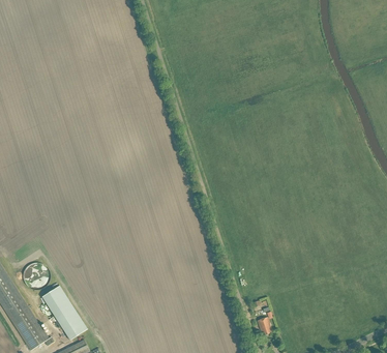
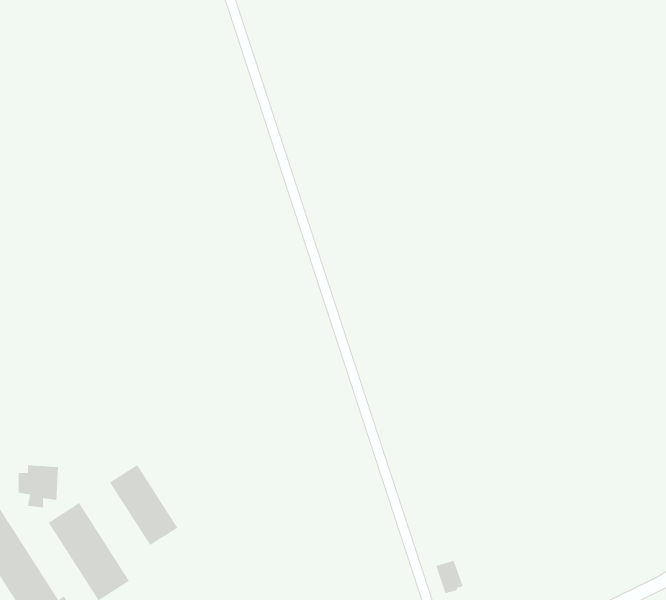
building: none -> [109,464,178,546]

